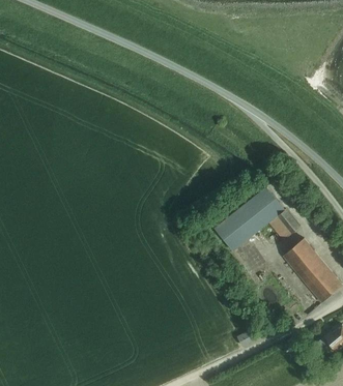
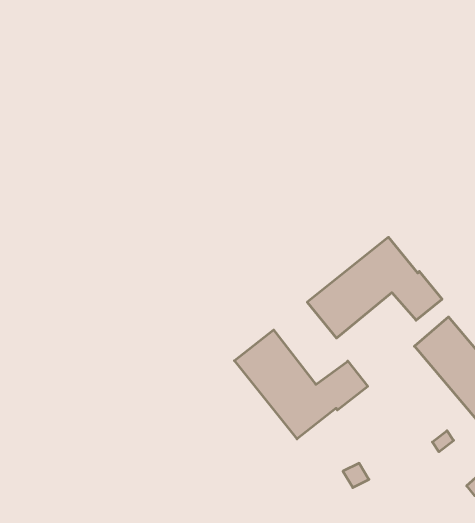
building: none -> [234,330,368,439]

